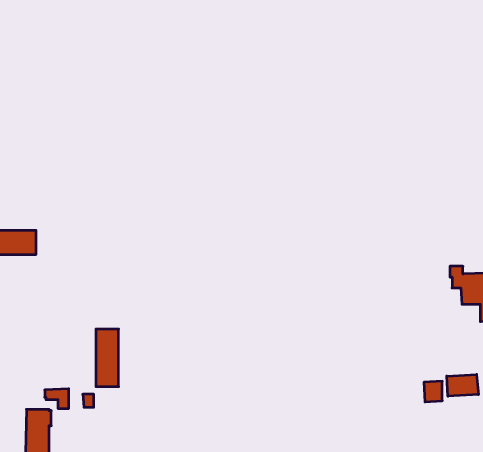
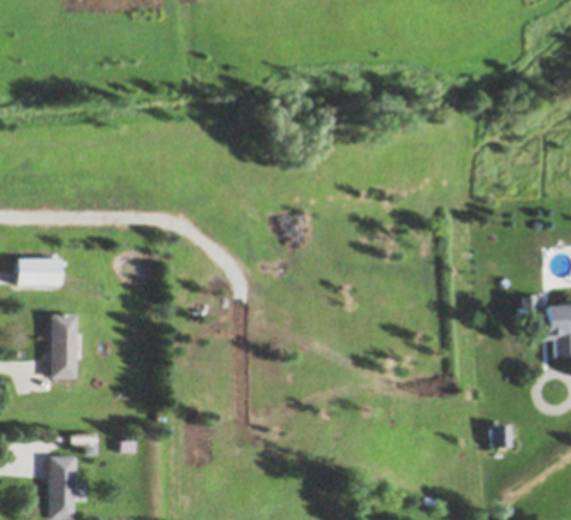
building: [96,329,119,387] -> [50,315,76,378]
building: [447,374,478,396] -> none

